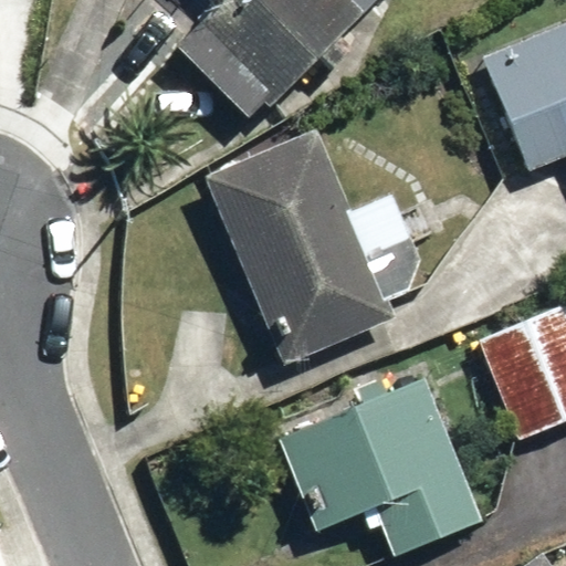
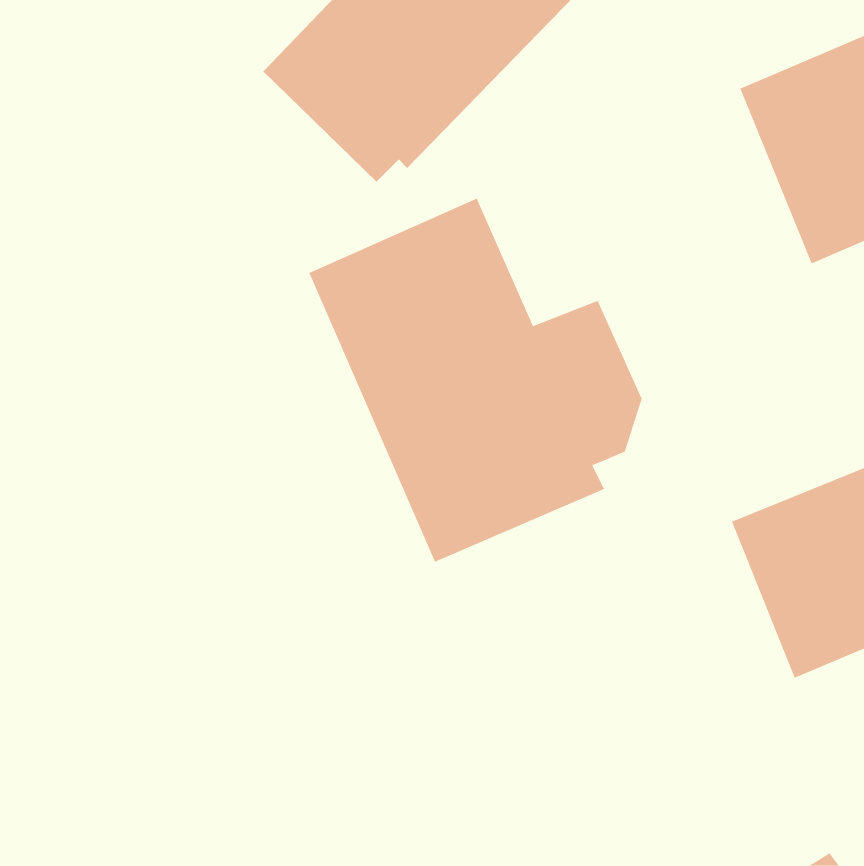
building: [277,379,482,556] -> none

